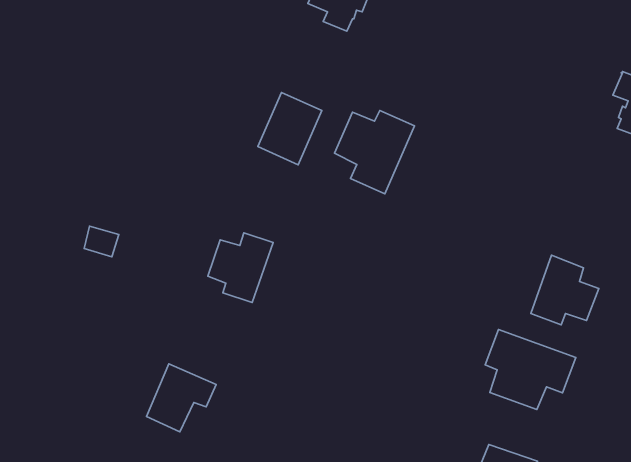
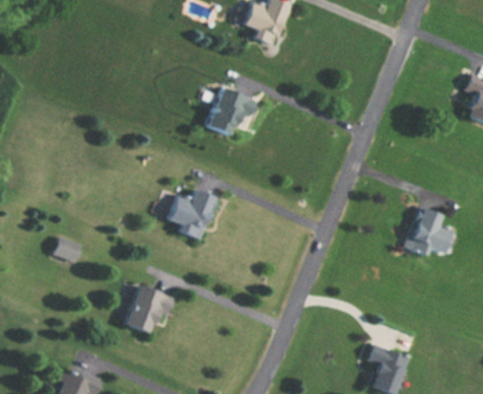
building: [335,111,414,194] -> none
building: [84,226,119,257] -> [55,239,80,261]
building: [485,330,576,410] -> none

